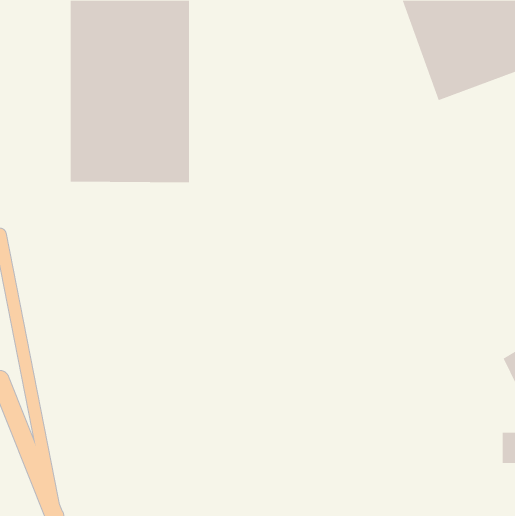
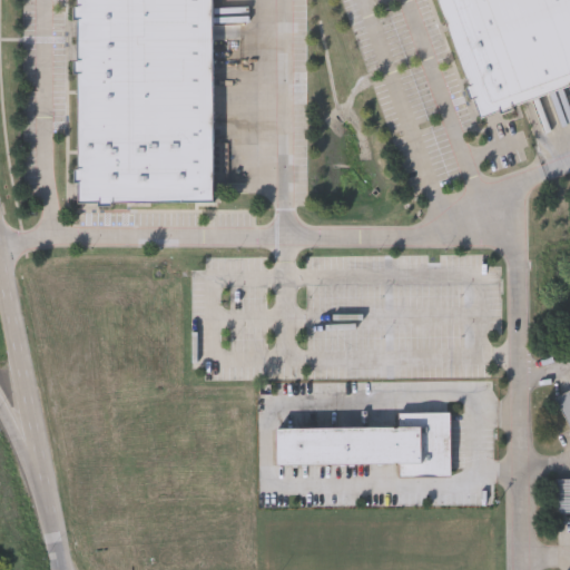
building: none -> [274,411,451,475]

